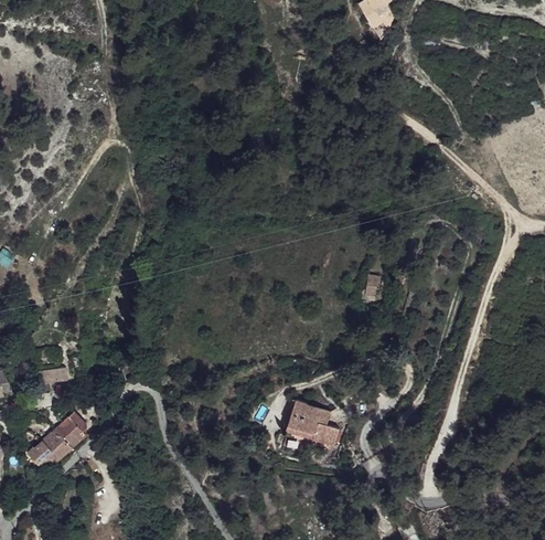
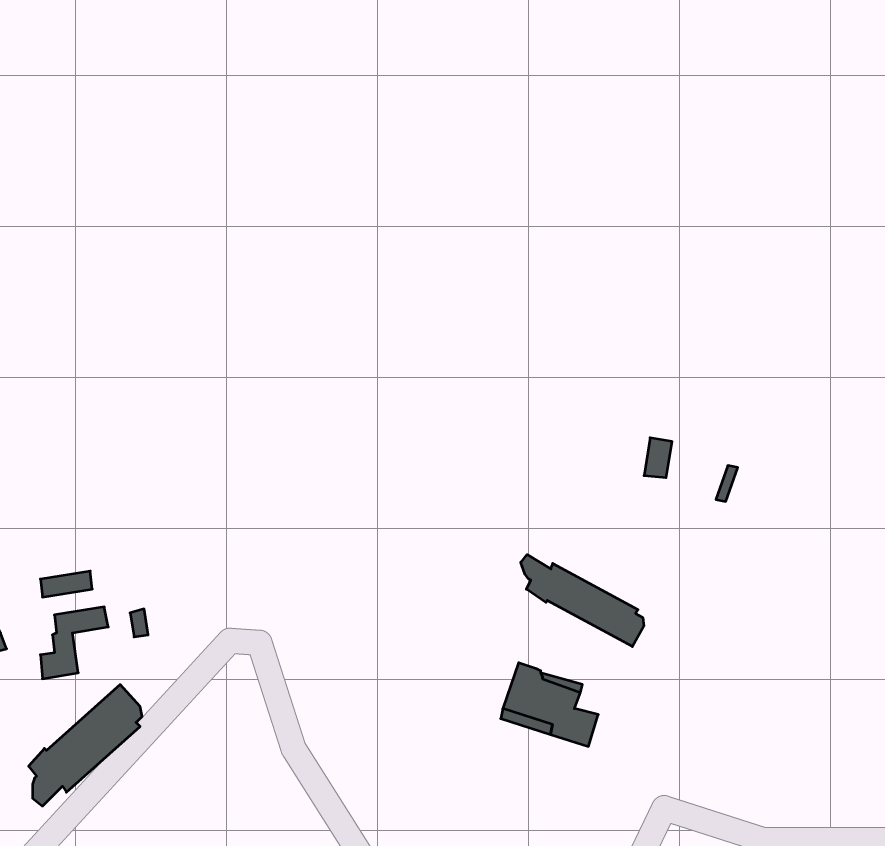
building: none -> [521,555,644,647]

